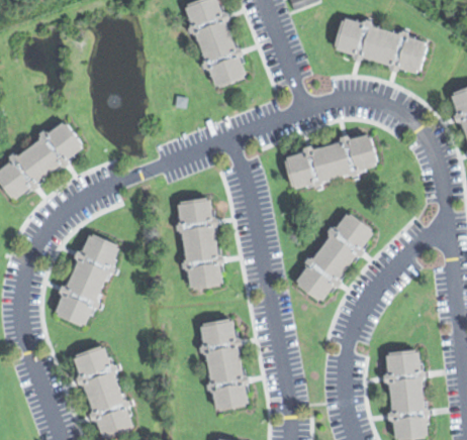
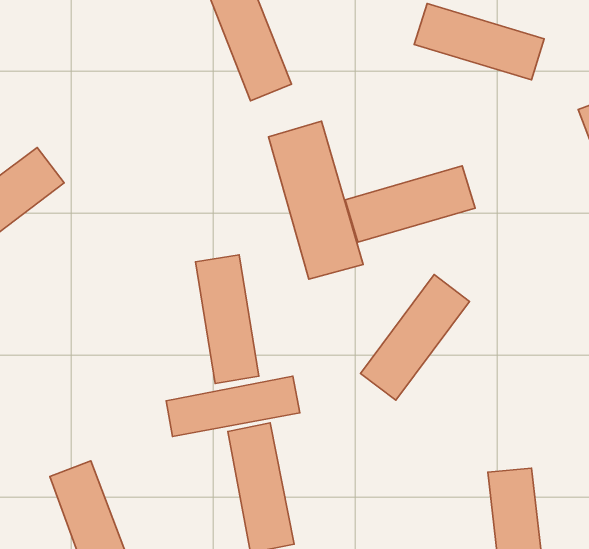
building: none -> [268,121,363,279]
building: [54,234,117,326] -> none
building: none -> [166,376,300,436]

